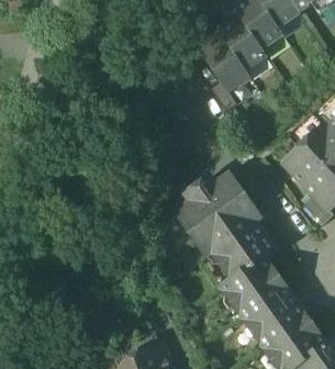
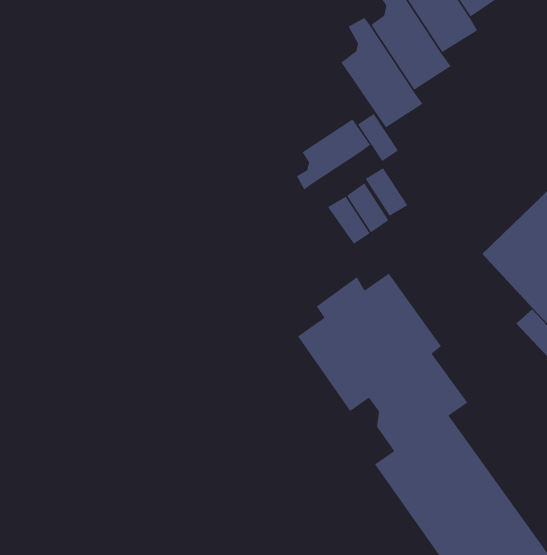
building: none -> [296,118,371,190]

